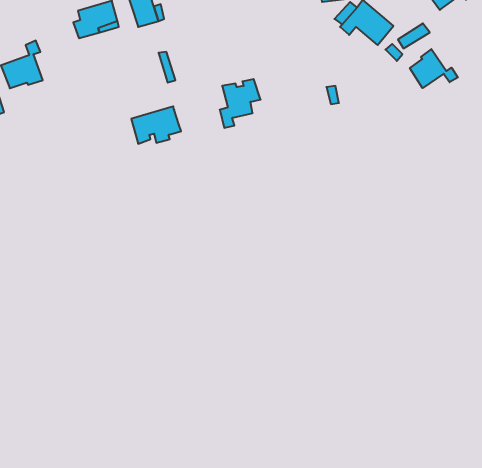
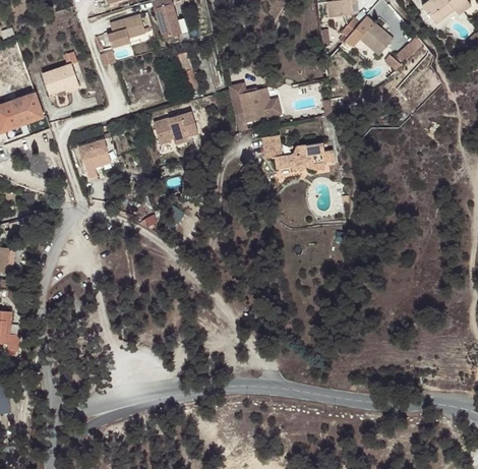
building: [410,49,458,88] -> none
building: none -> [262,133,337,168]
building: none -> [80,137,113,178]

